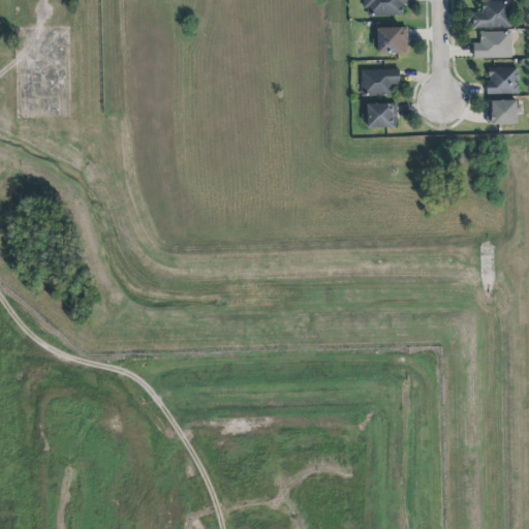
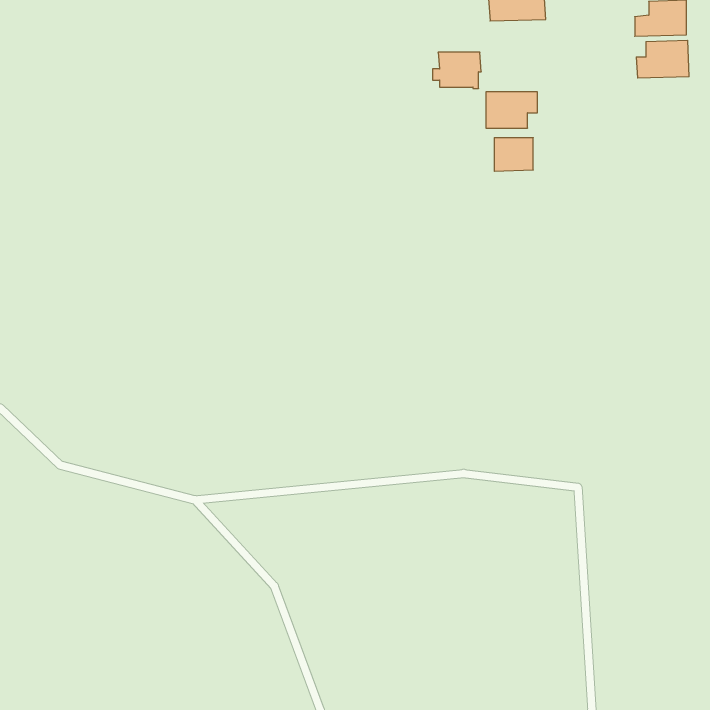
building: [372,25,408,52] -> [433,52,481,88]
building: [487,66,520,93] -> none
building: [487,98,522,123] -> none

